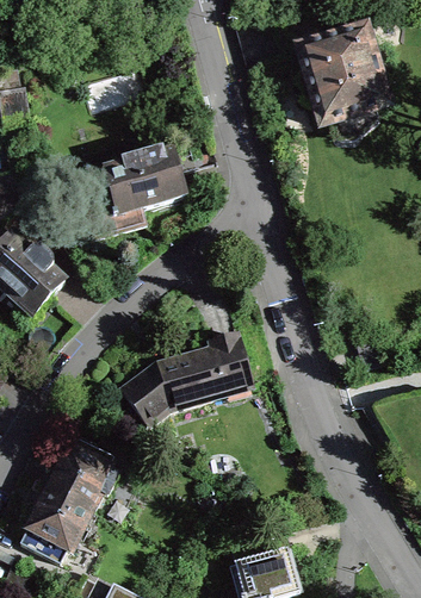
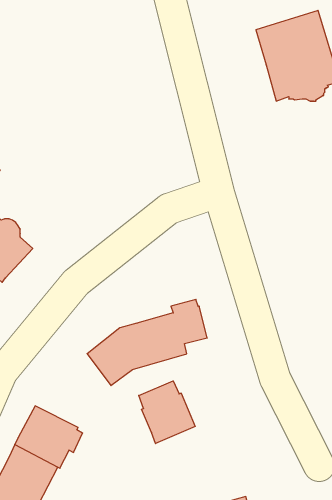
building: [81,149,186,237] -> none
building: none -> [139,381,195,444]

